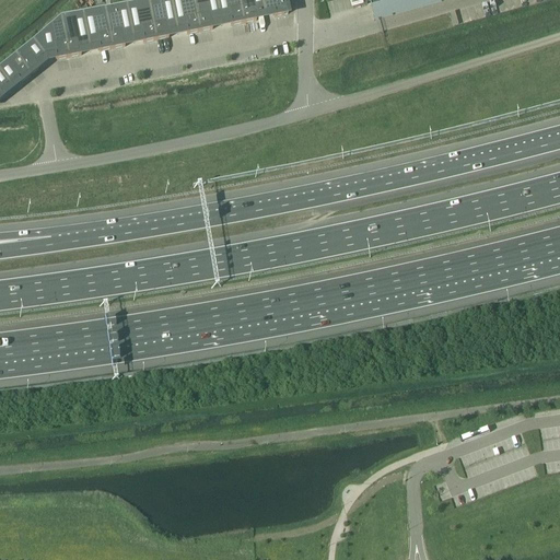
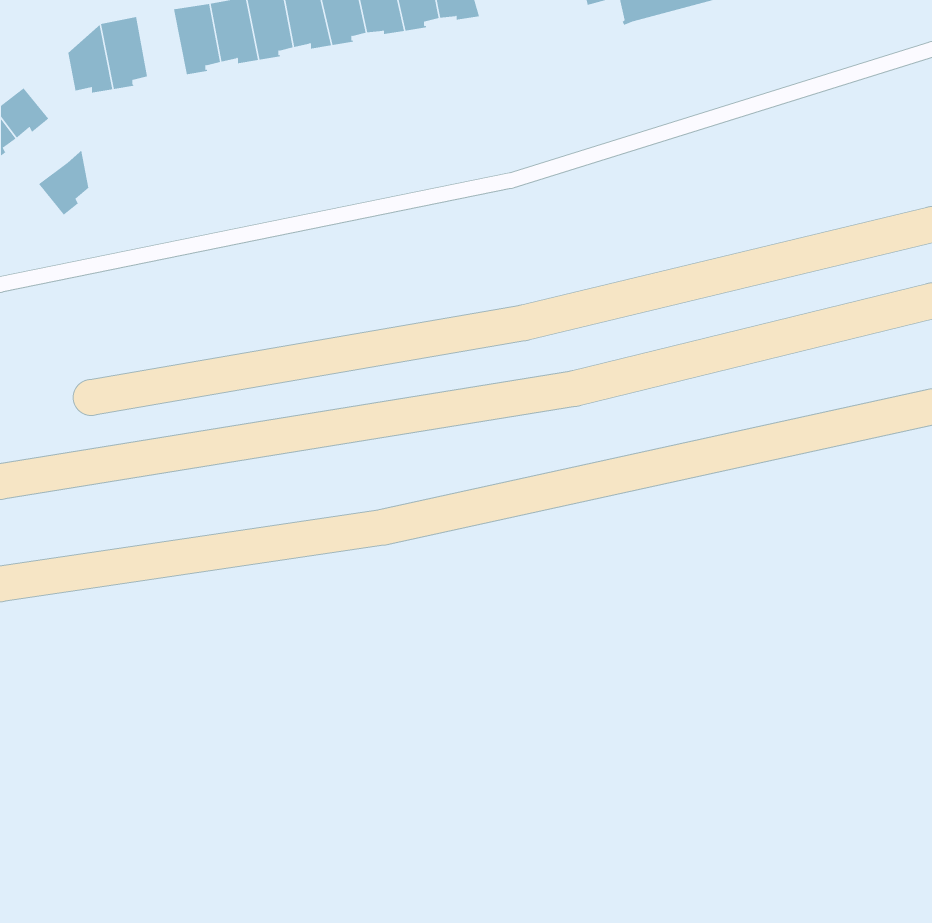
building: [82,5,112,47] -> none
building: [14,32,45,71] -> [38,150,89,215]

